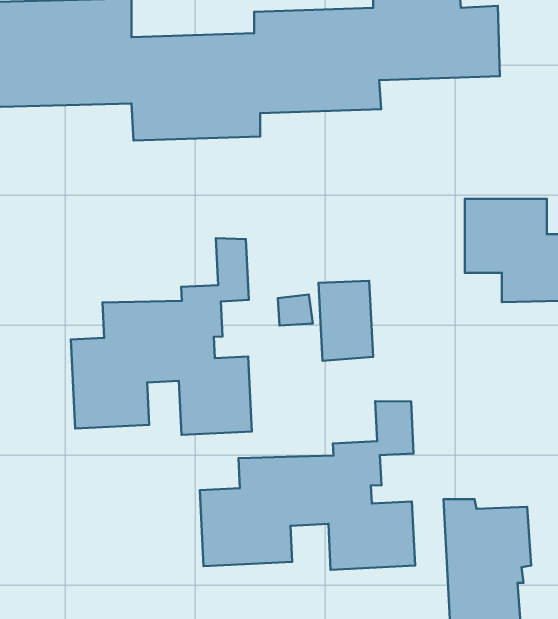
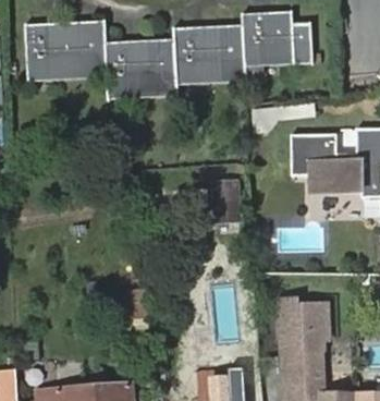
building: [71,238,252,435] -> none
building: [200,401,415,570] -> none

